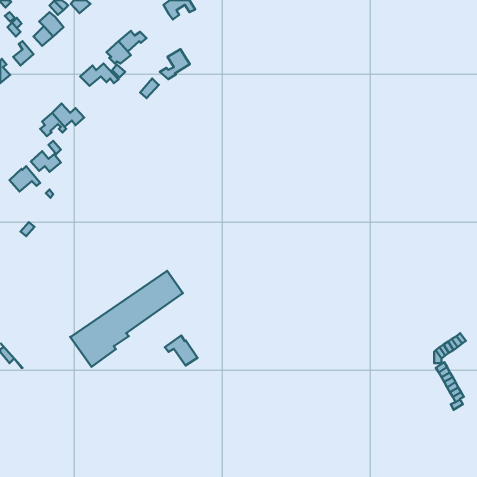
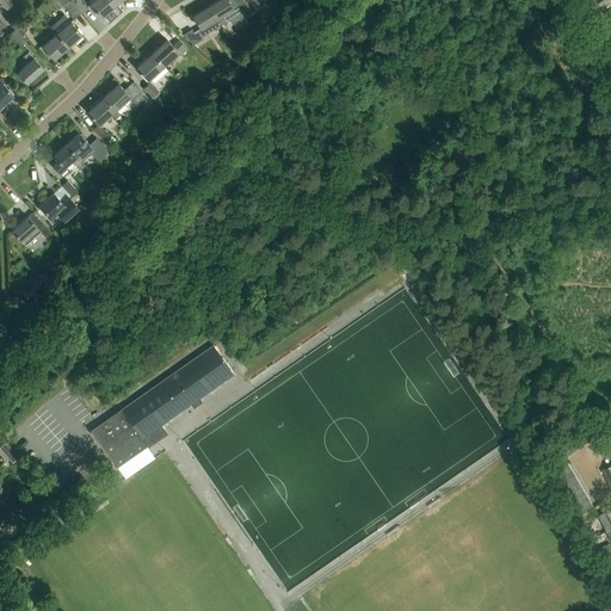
building: [160,49,190,79] -> [183,6,221,44]
building: none -> [87,98,119,142]
building: [165,335,197,365] -> none

